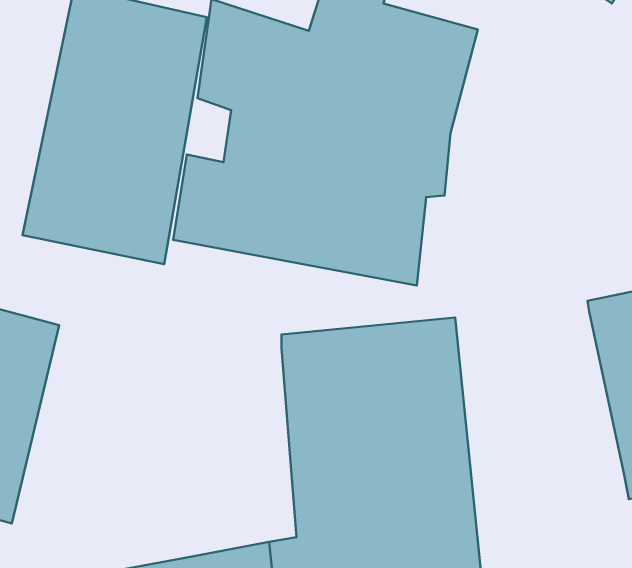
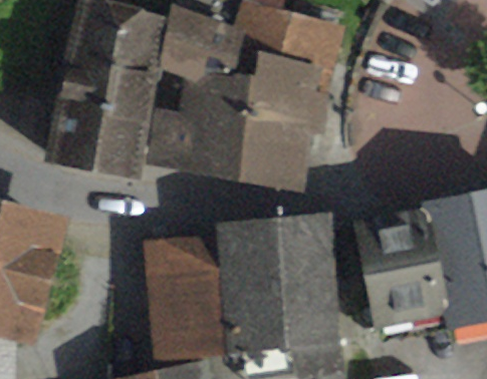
building: none -> [351,210,442,331]
building: none -> [141,234,226,371]

